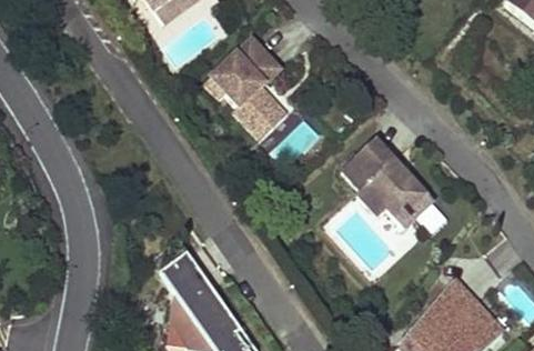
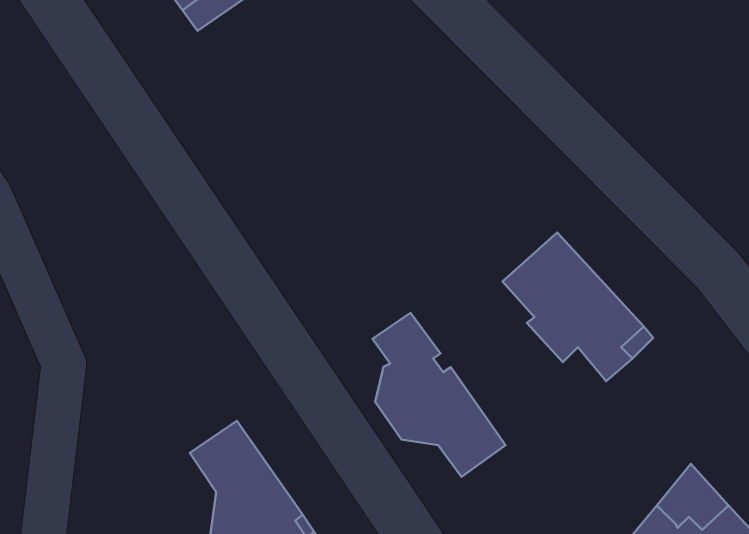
building: [208,37,288,137] -> none
building: none -> [372,313,505,477]

